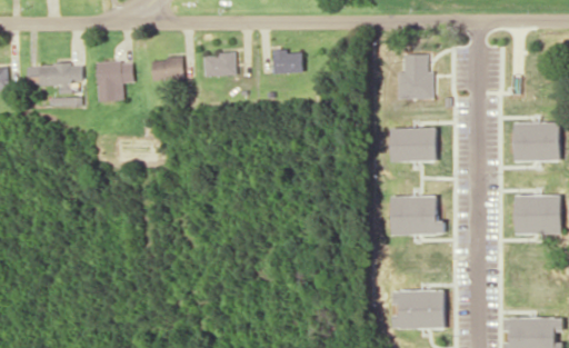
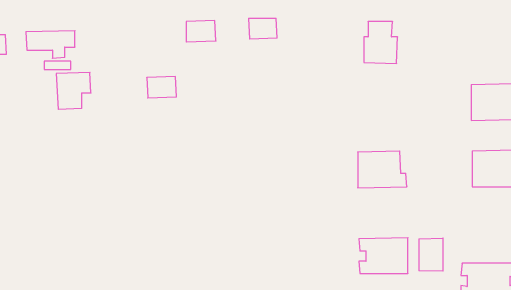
building: [151,58,183,81] -> [147,77,176,98]
building: [96,61,133,101] -> [56,72,91,109]
building: [389,128,436,162] -> none
building: none -> [419,238,443,271]

